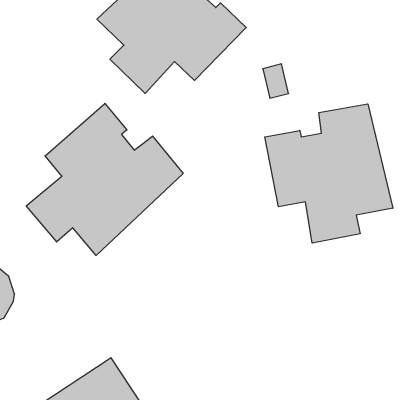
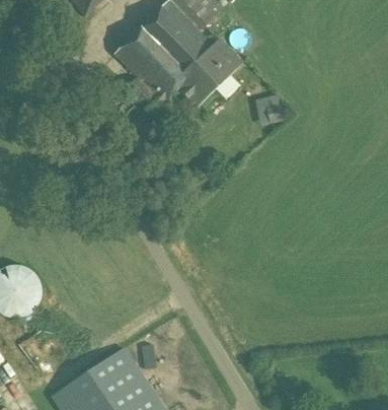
building: [26,103,183,255] -> none
building: [265,104,393,243] -> none

